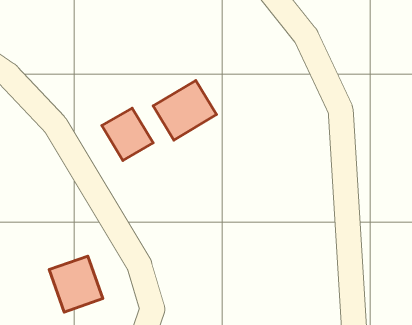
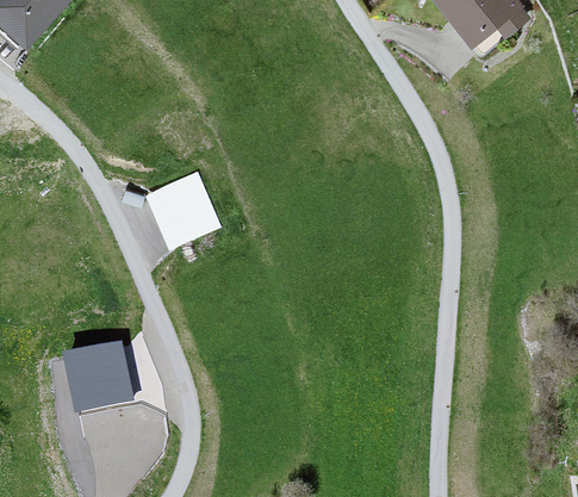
building: [153,80,216,140] -> none

